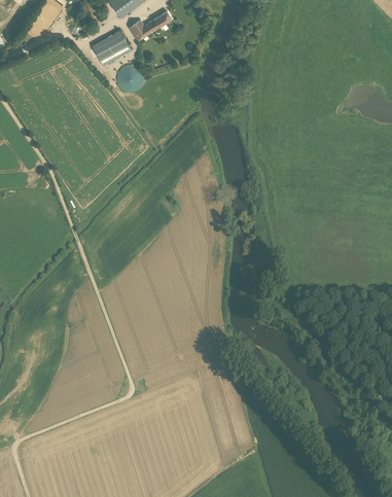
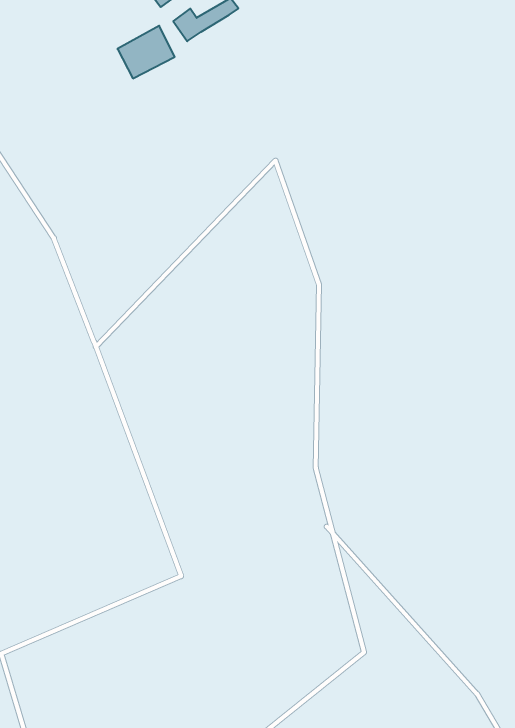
building: [115,63,145,93] -> none

